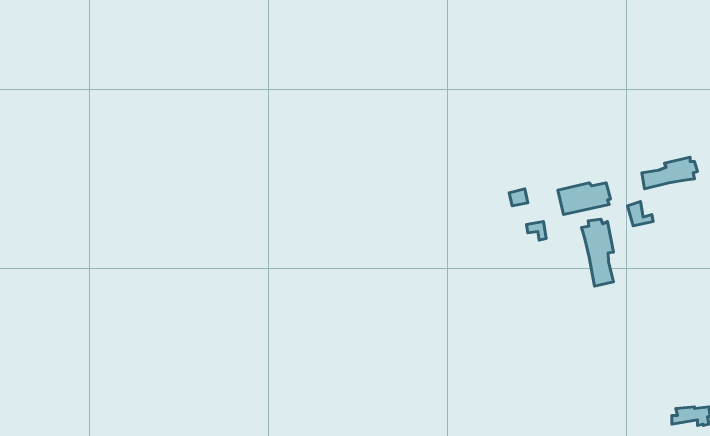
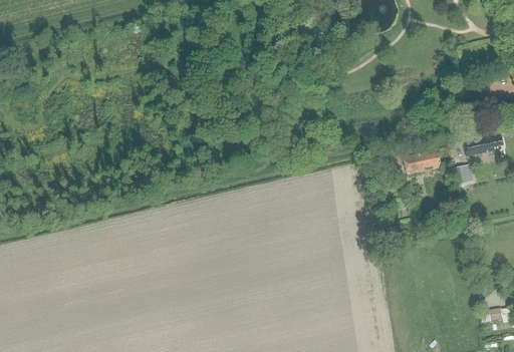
building: [582,219,614,286] -> none

